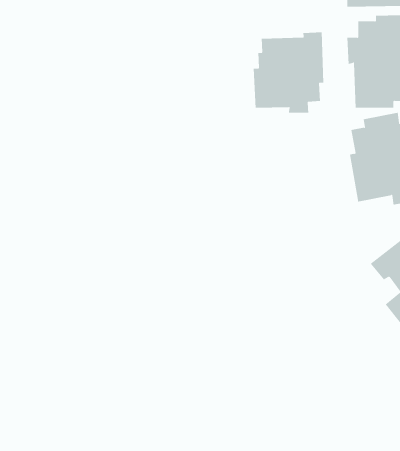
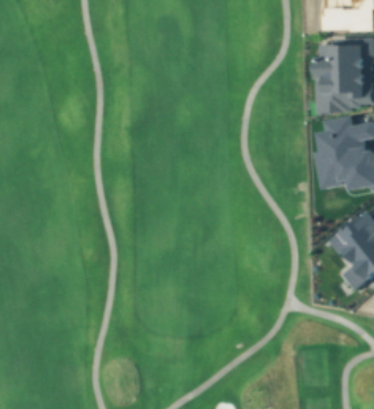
building: [253,31,324,114] -> none

